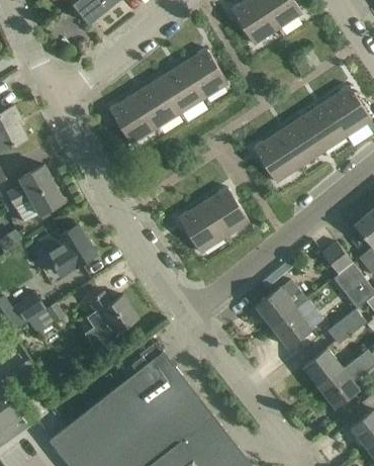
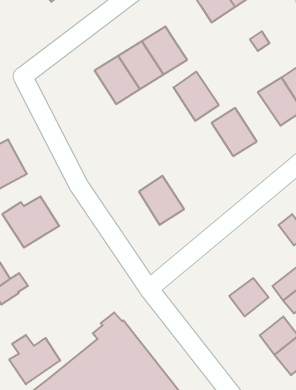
building: [109,95,156,145] -> none
building: [278,117,324,168] -> [173,72,219,121]
building: [203,188,250,238] -> none
building: [256,281,307,327] -> none
building: [86,292,138,343] -> [9,335,60,384]

